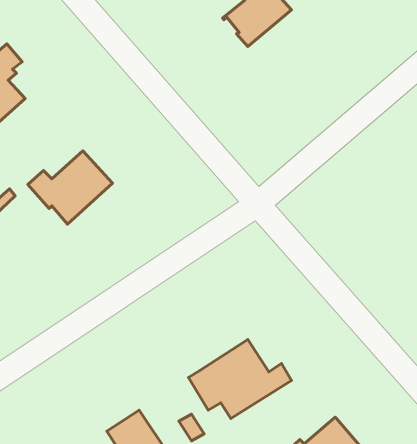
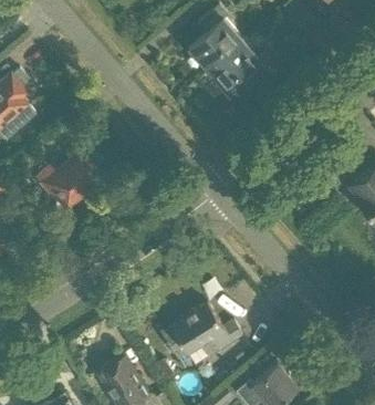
building: none -> [209,44,278,97]

